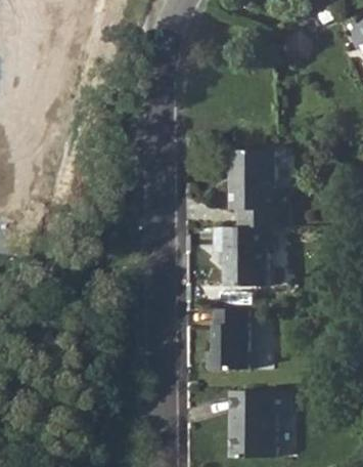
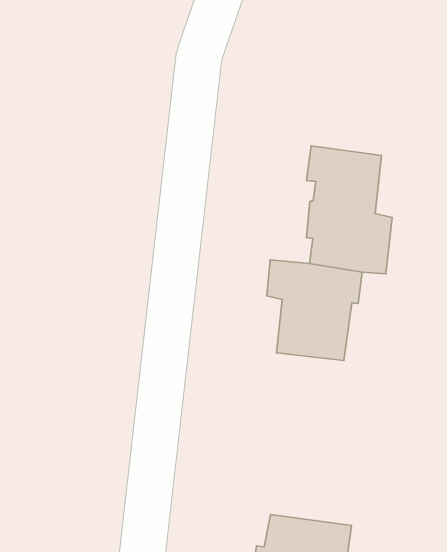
building: [203,309,244,371] -> none

